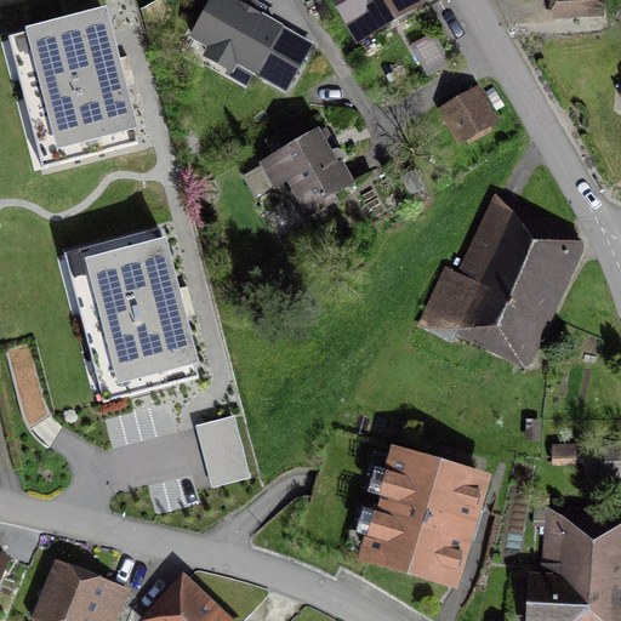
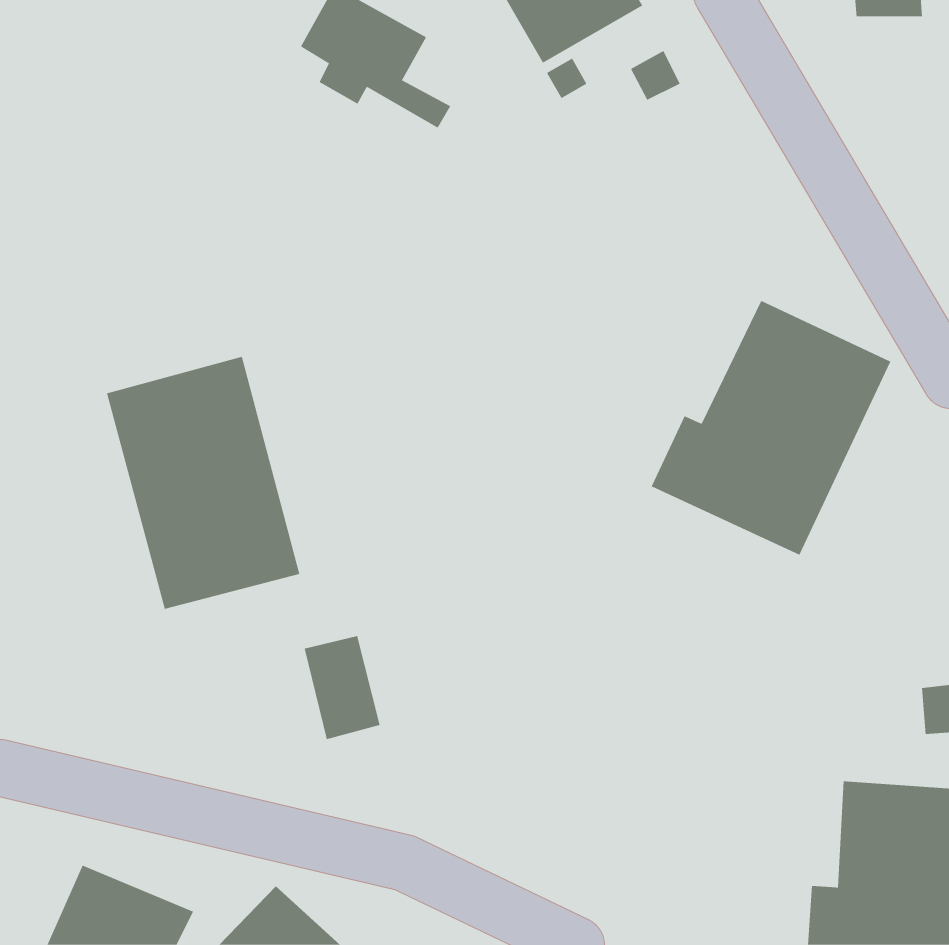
building: [12,13,138,165] -> none
building: [440,89,496,139] -> none
building: [258,132,352,211] -> none
building: [355,451,483,589] -> none

